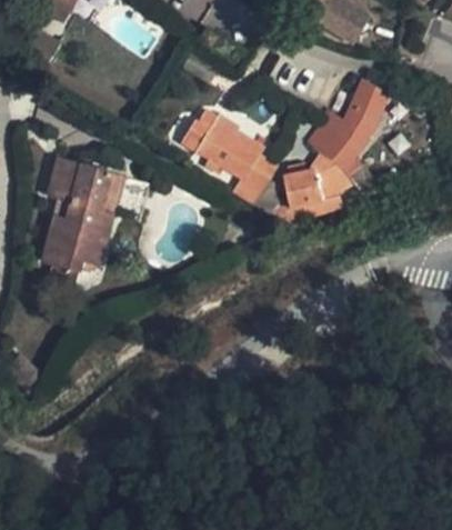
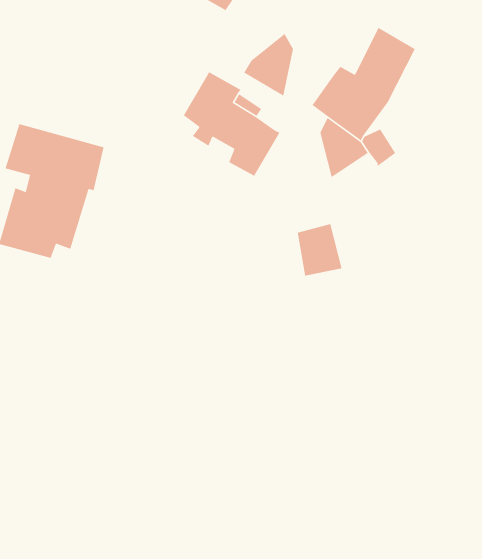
building: none -> [243,33,294,97]
building: [283,166,322,211] -> [297,223,342,277]

